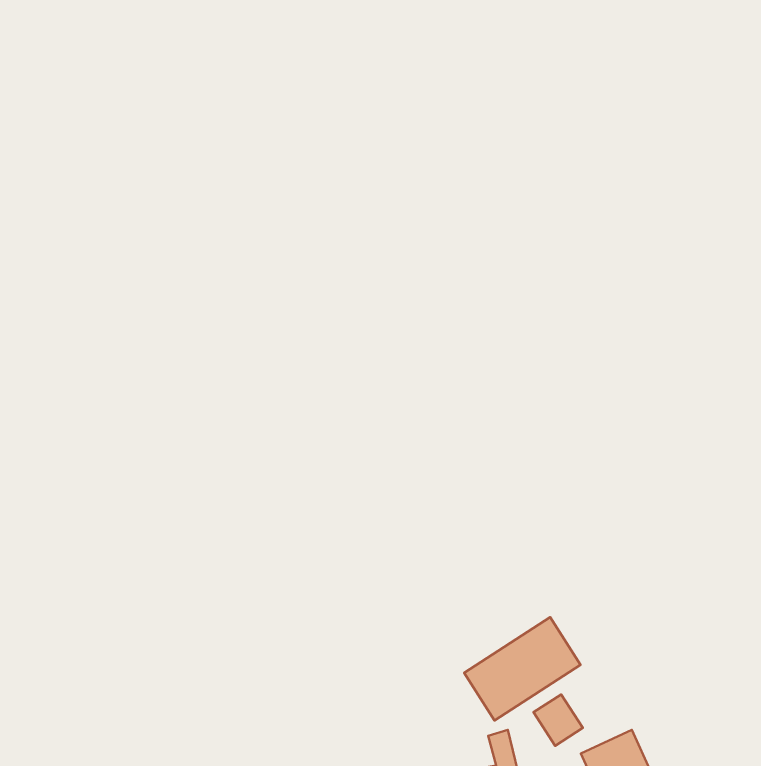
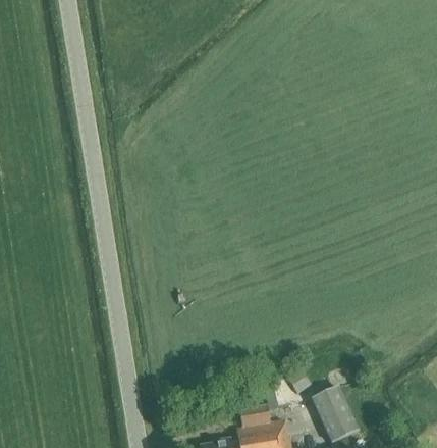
building: [464,617,581,721] -> none

